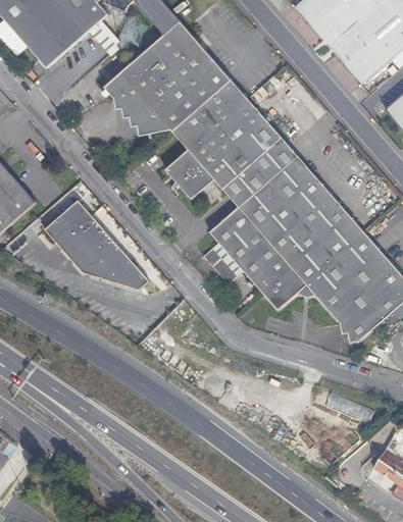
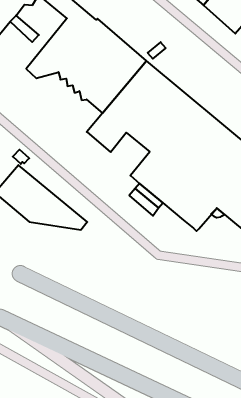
building: [115,97,165,137] -> none

